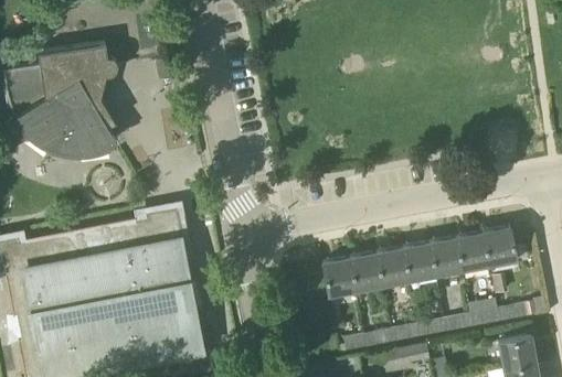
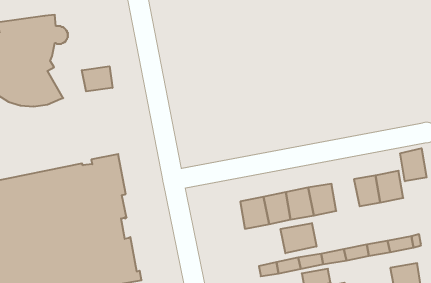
building: none -> [82,66,112,91]
building: none -> [400,148,427,181]
building: [432,237,465,274] -> none
building: none -> [281,223,316,253]

